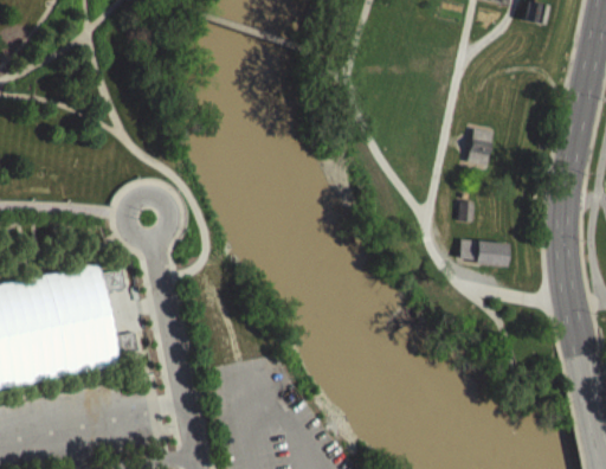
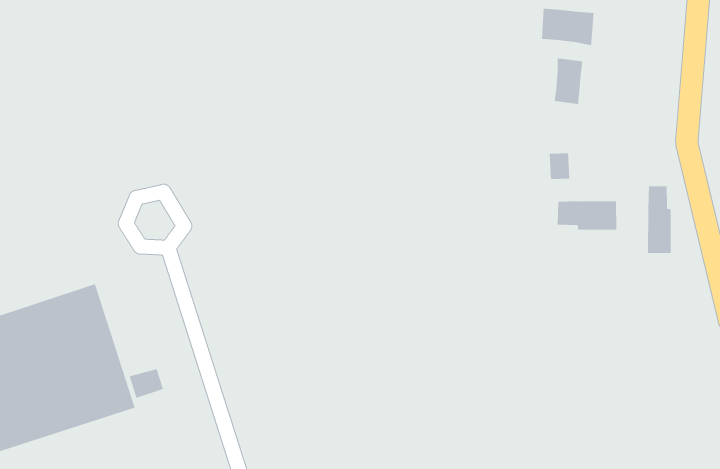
building: none -> [541,8,594,46]
building: none -> [648,186,671,254]

